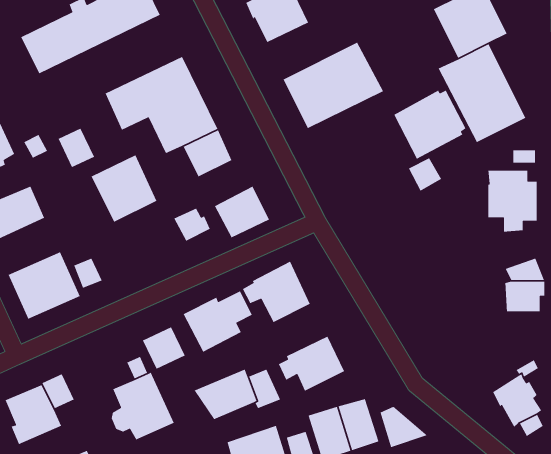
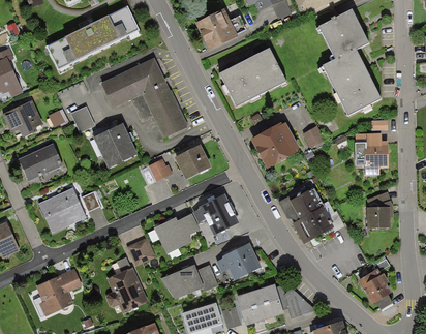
building: [393,89,467,160] -> [250,122,299,169]
building: none -> [290,188,333,244]

